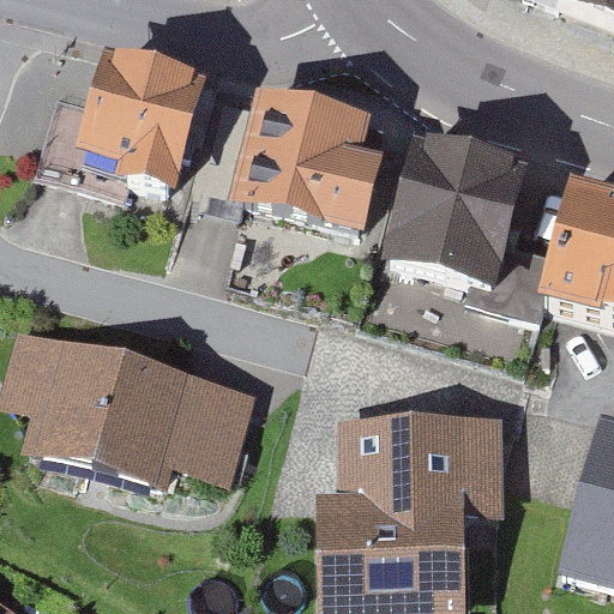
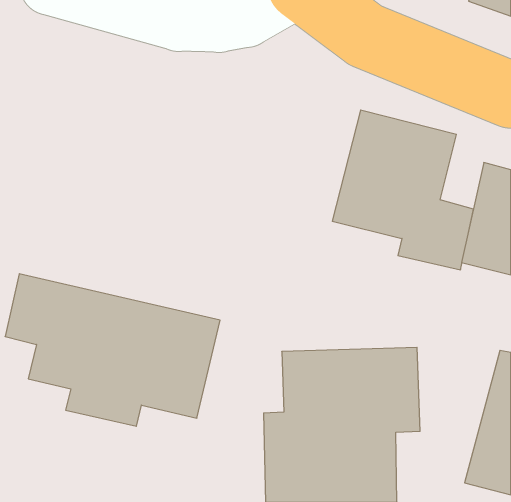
building: [41,53,203,189] -> none
building: [242,86,399,227] -> none

